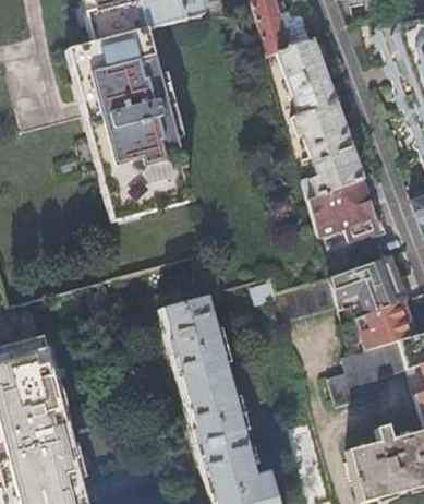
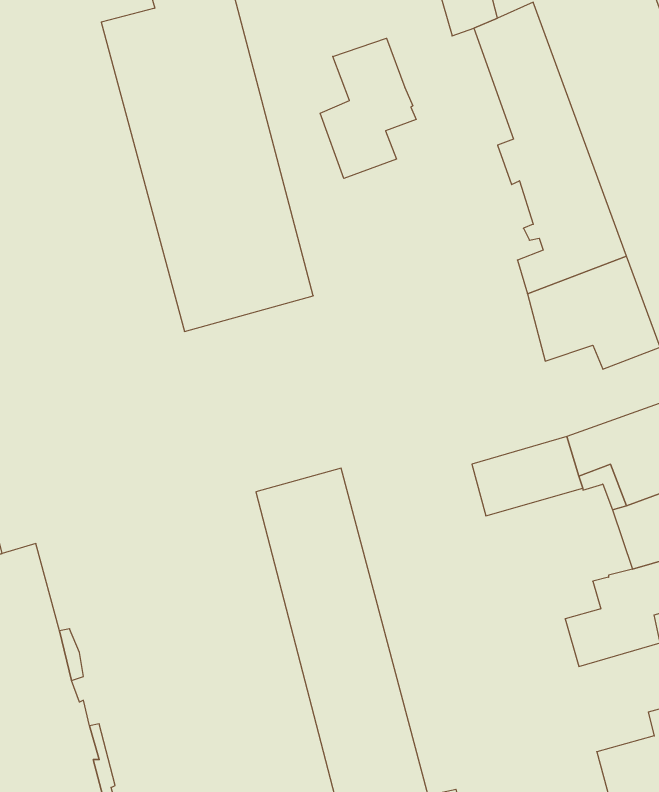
building: none -> [320,38,416,178]

